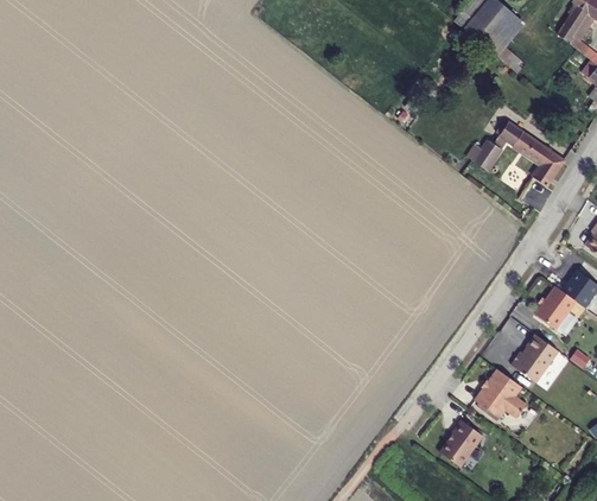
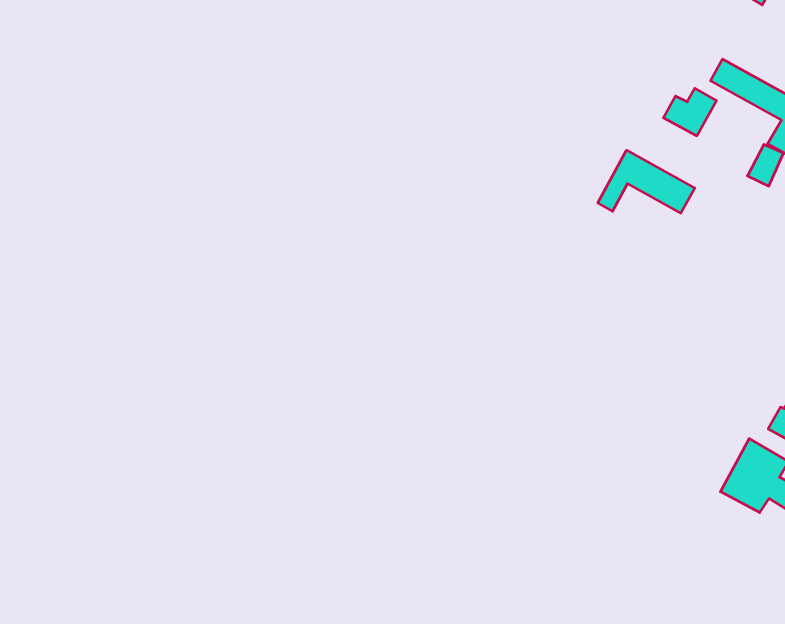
building: none -> [598,150,695,213]
building: [440,420,483,467] -> none

